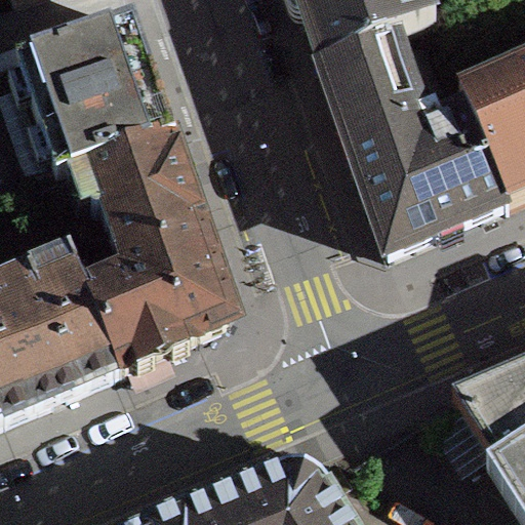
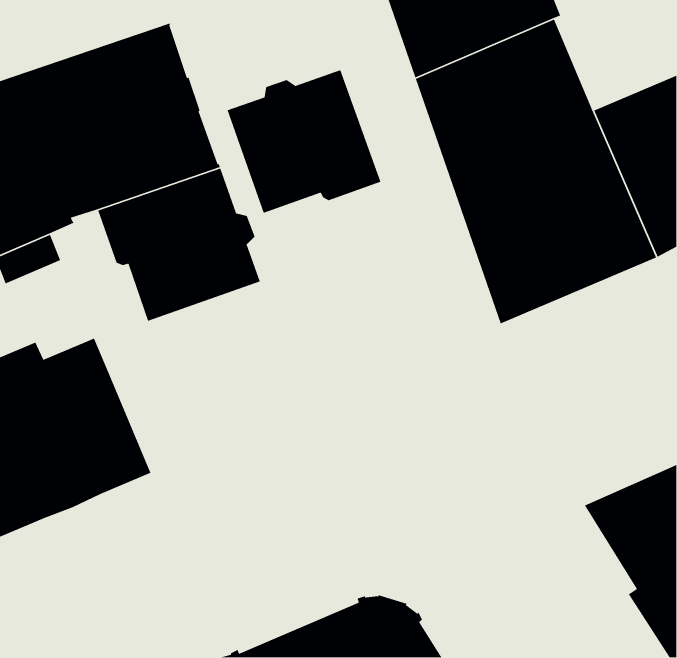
building: none -> [227,69,382,214]
building: [84,217,231,365] -> none

